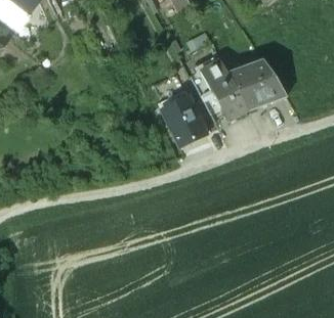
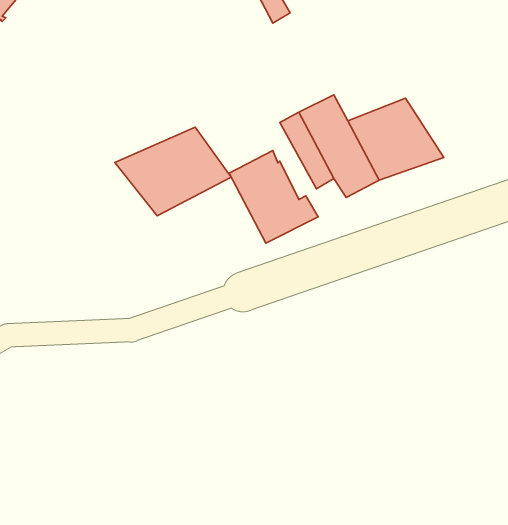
building: none -> [115,127,231,216]

